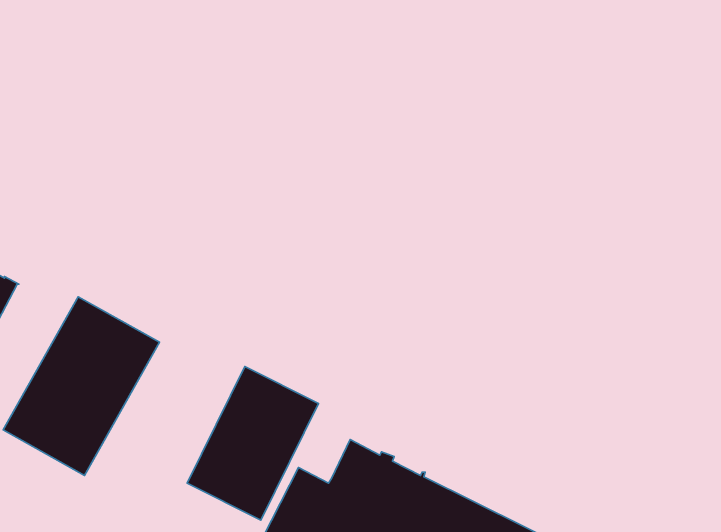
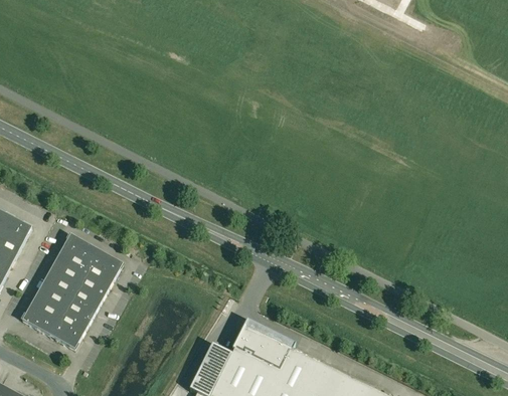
building: [187,367,318,520] -> none

